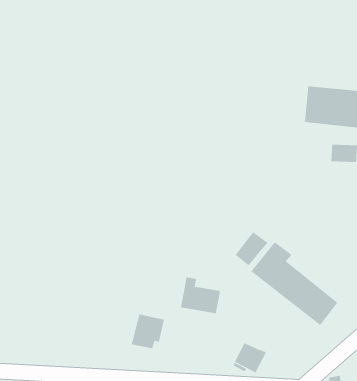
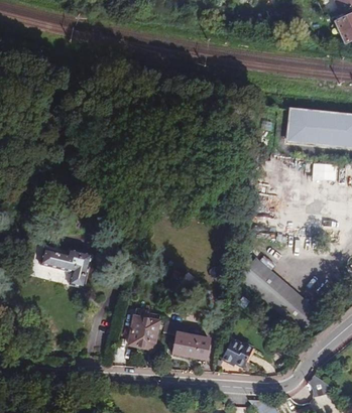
building: [235,231,269,266] -> none
building: none -> [37,252,87,291]
building: [180,277,221,314] -> [171,324,209,359]

